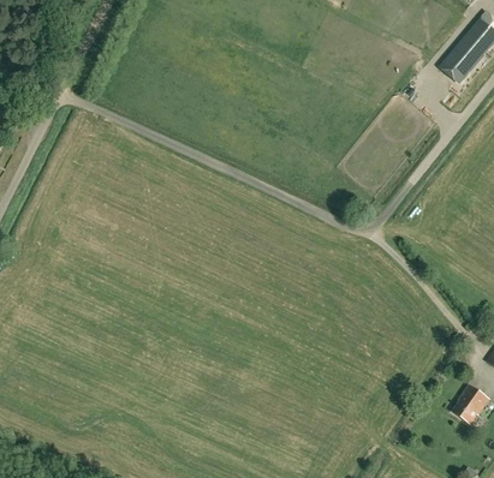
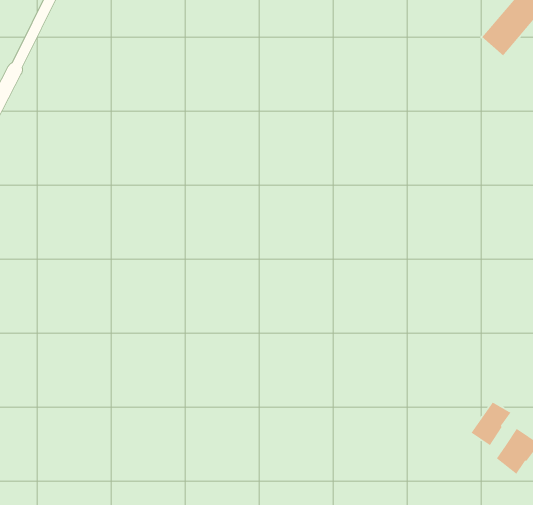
building: none -> [471,402,511,446]

